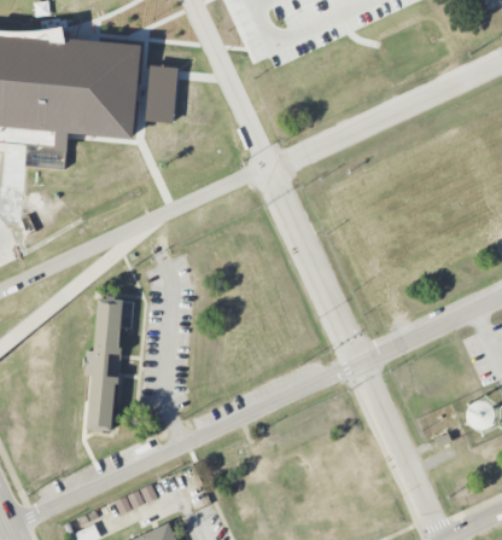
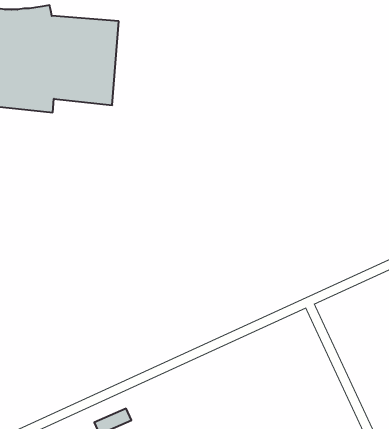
building: [146,66,179,123] -> none
building: [84,296,124,429] -> none

